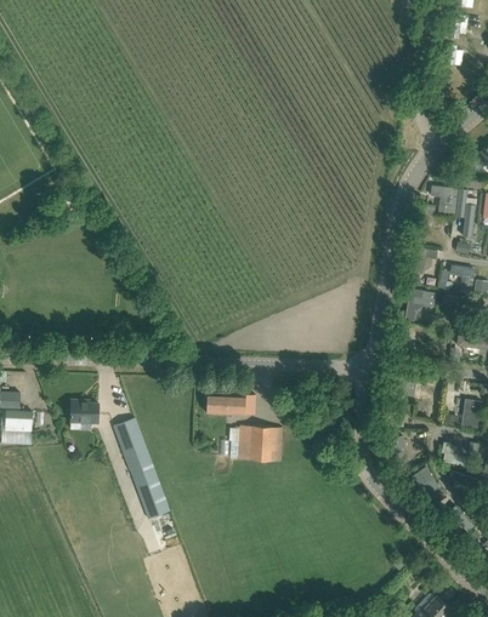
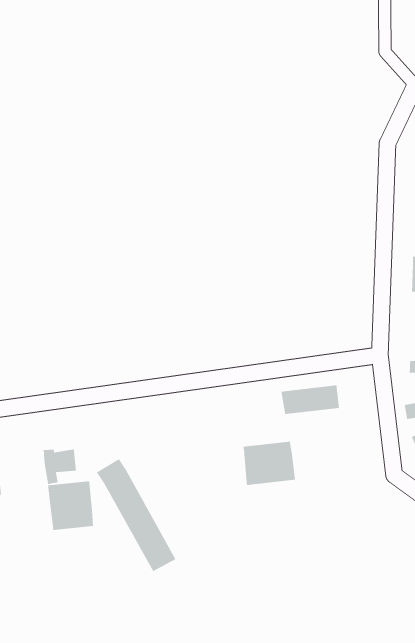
building: [206,393,255,416] -> [281,384,340,415]
building: none -> [47,480,94,531]

